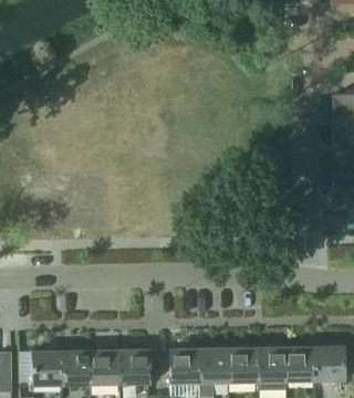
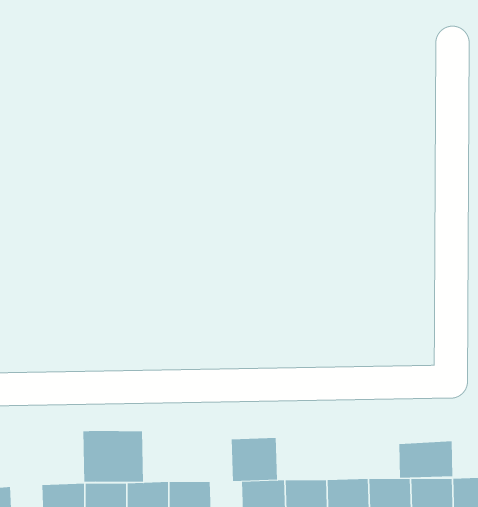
building: none -> [83,430,144,483]
building: none -> [231,437,277,482]
building: none -> [399,440,453,478]

